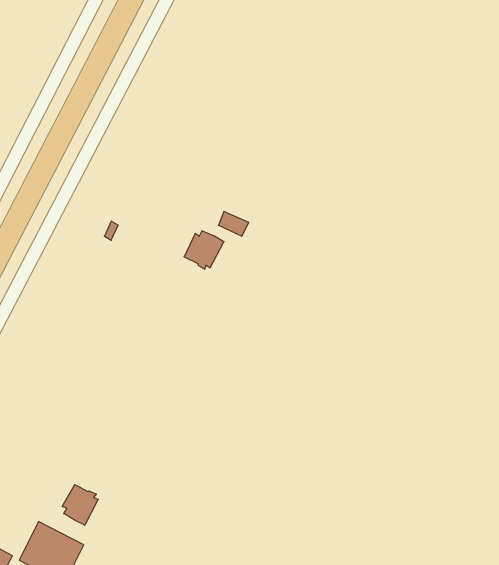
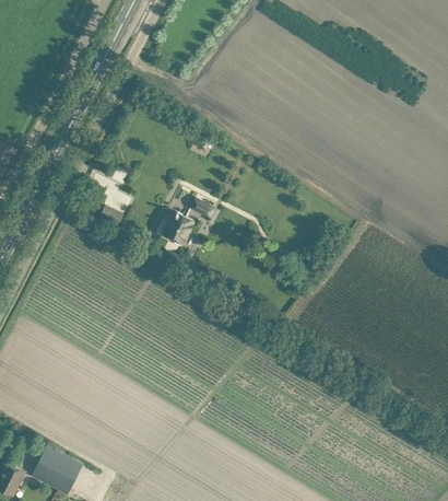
building: [62,485,98,525] -> none

